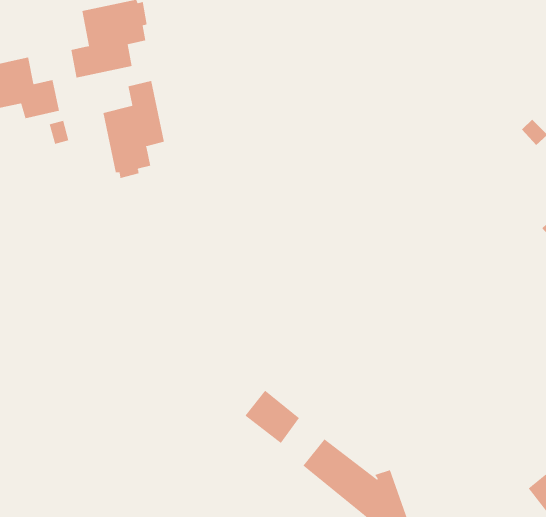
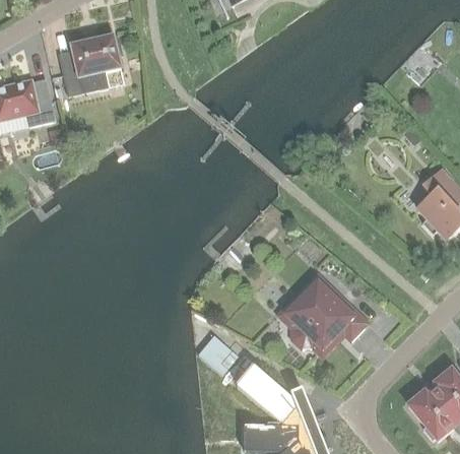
building: [103,80,165,179] -> none
building: none -> [285,281,367,347]

